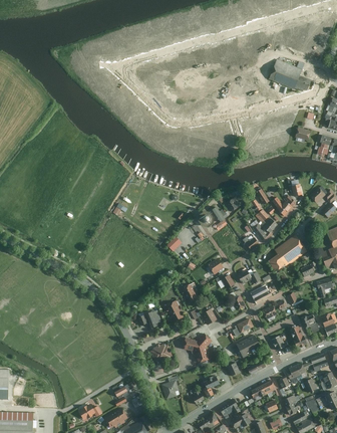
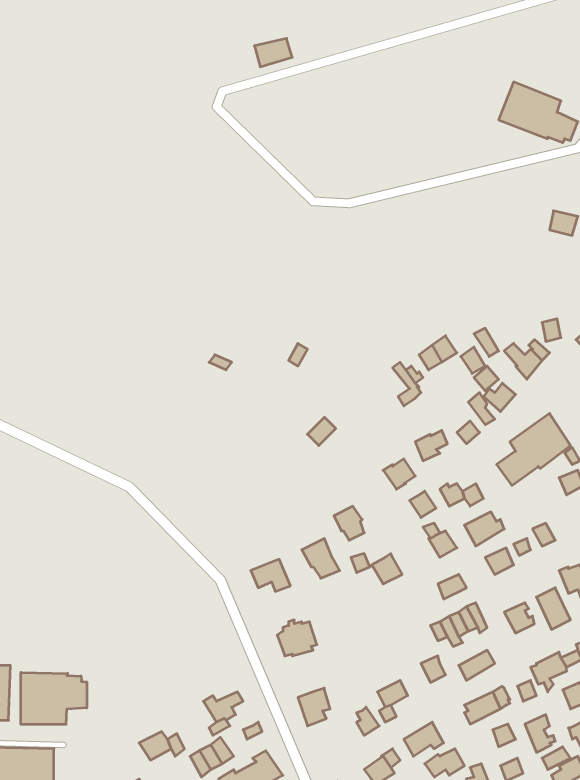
building: [185,334,213,363] -> none
building: none -> [21,672,87,724]

